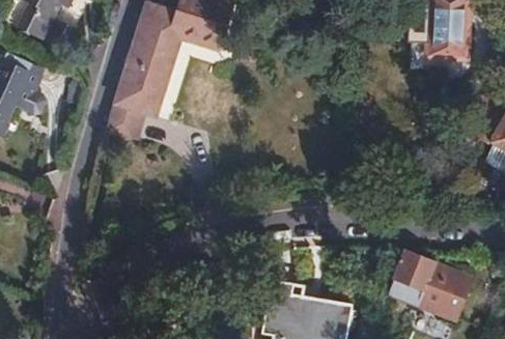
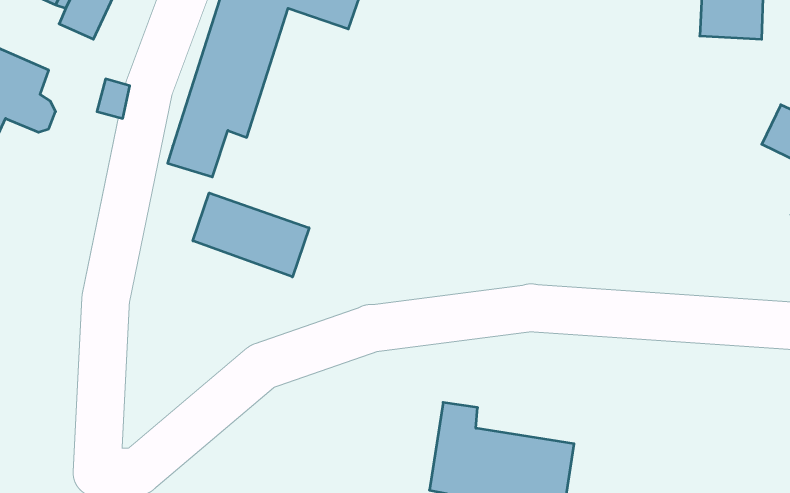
building: none -> [193,193,309,277]
building: [390,255,477,324] -> none

